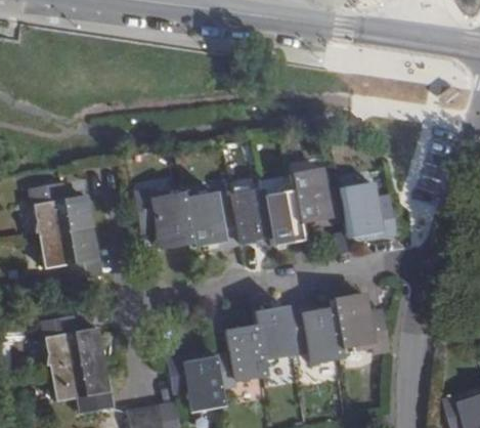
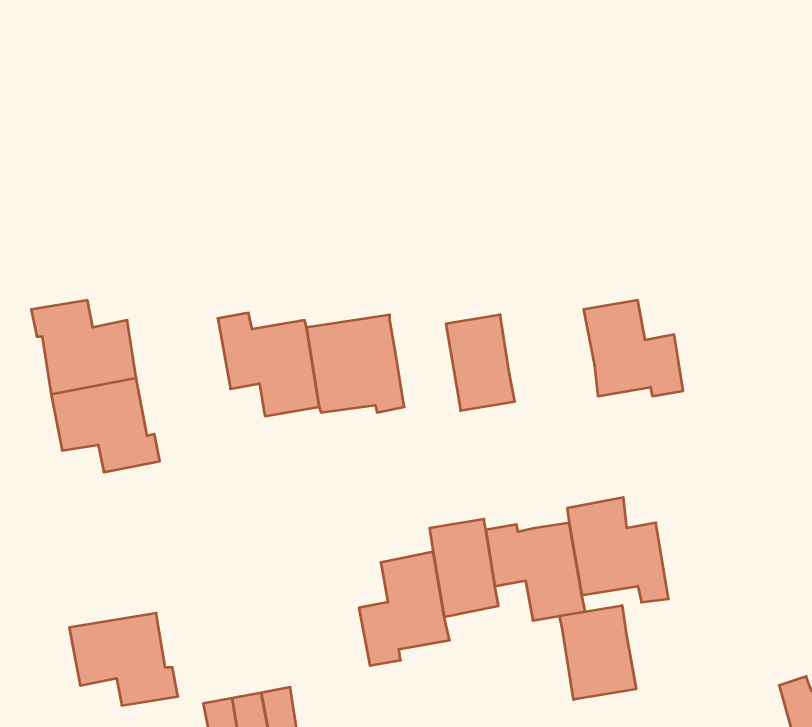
building: [292,168,348,222] -> none
building: [232,187,271,242] -> none
building: [41,313,100,367] -> none
building: none -> [560,605,636,700]
building: [169,355,224,411] -> none

